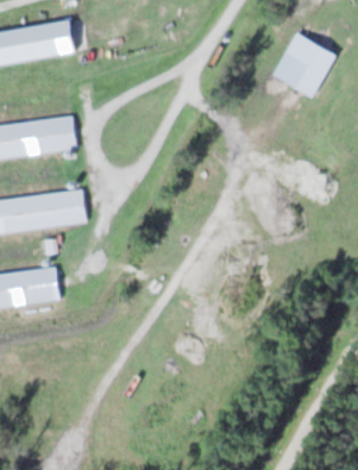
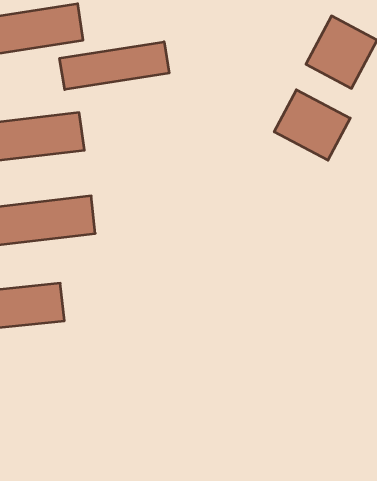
building: none -> [60,42,169,90]
building: none -> [274,90,350,160]

